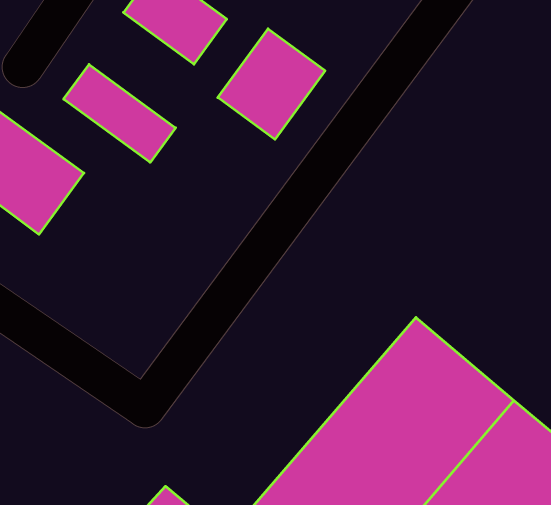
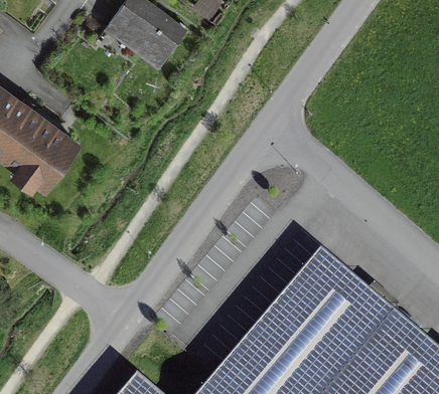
building: [218,29,325,139] -> none
building: [64,64,176,162] -> none

